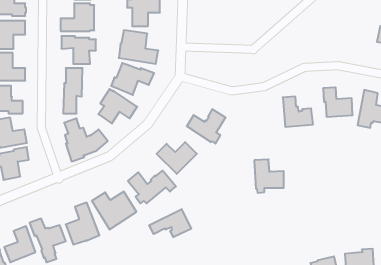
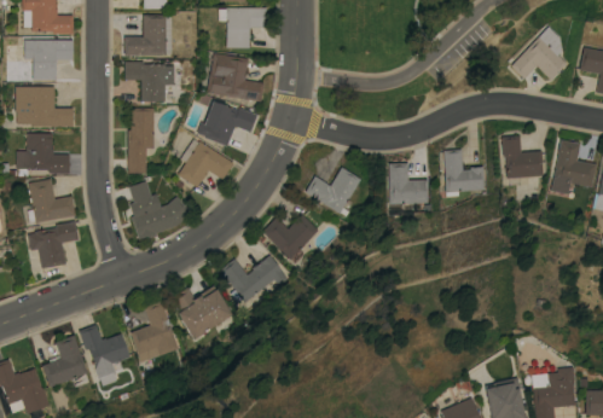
building: none -> [510,28,568,80]
building: [254,159,284,193] -> [388,162,430,210]
building: [149,209,191,237] -> none

